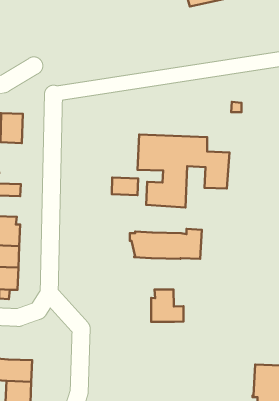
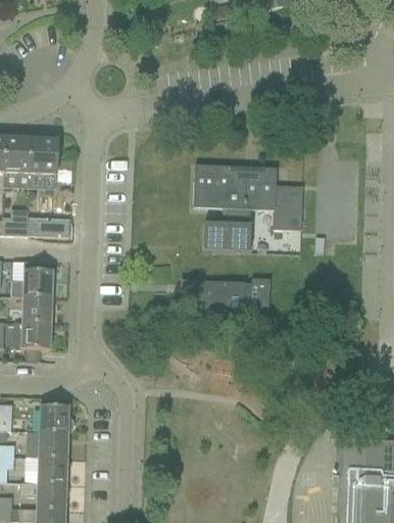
building: [112,177,138,195] -> none
building: [151,289,184,322] -> none
building: none -> [39,406,72,433]

